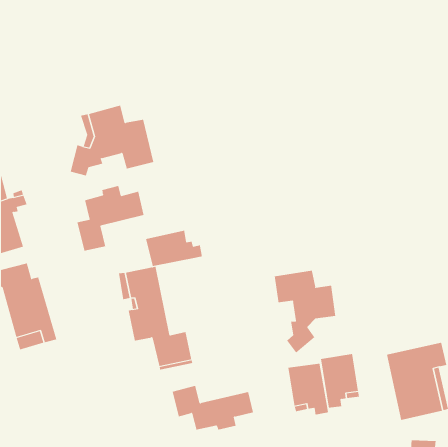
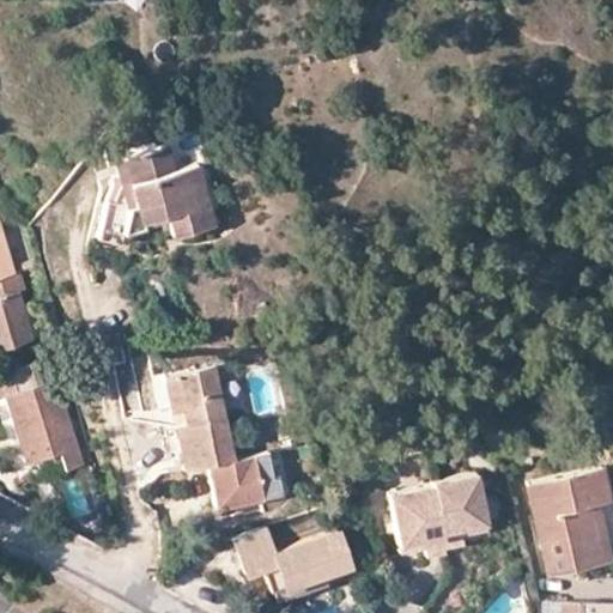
building: [77,185,144,251] -> none
building: [146,230,203,267] -> none
building: [274,270,336,354] -> none

